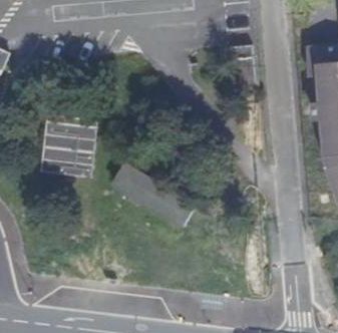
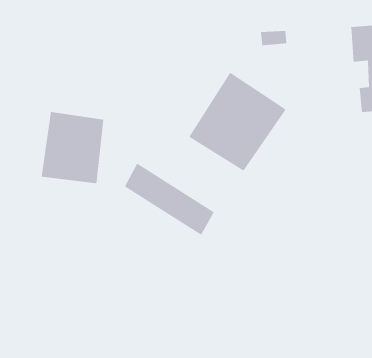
building: none -> [189,72,286,171]

